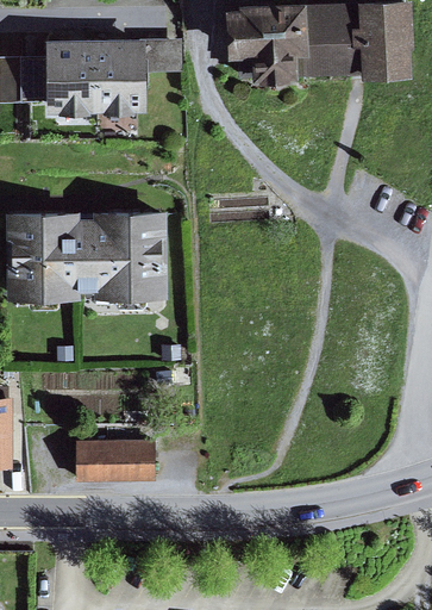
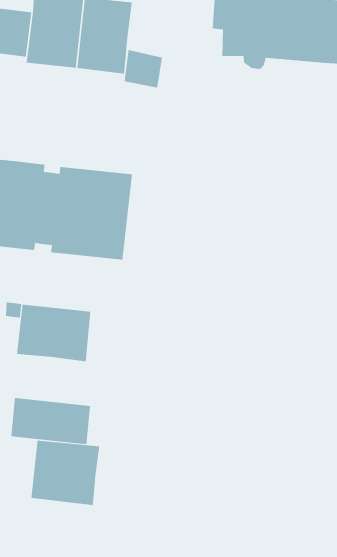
building: [145,43,181,77] -> [124,50,163,88]
building: none -> [16,304,91,362]
building: none -> [31,440,100,506]

